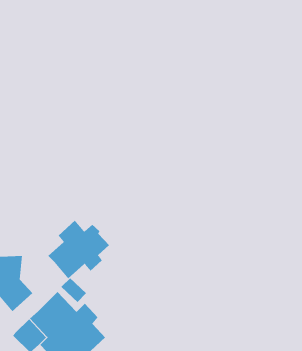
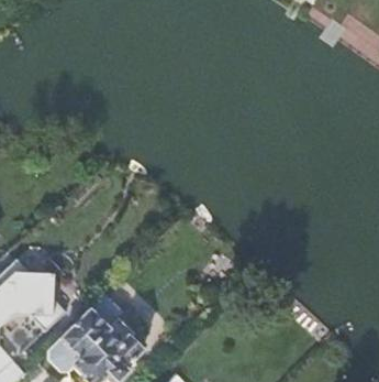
building: [48,220,110,279] -> none

